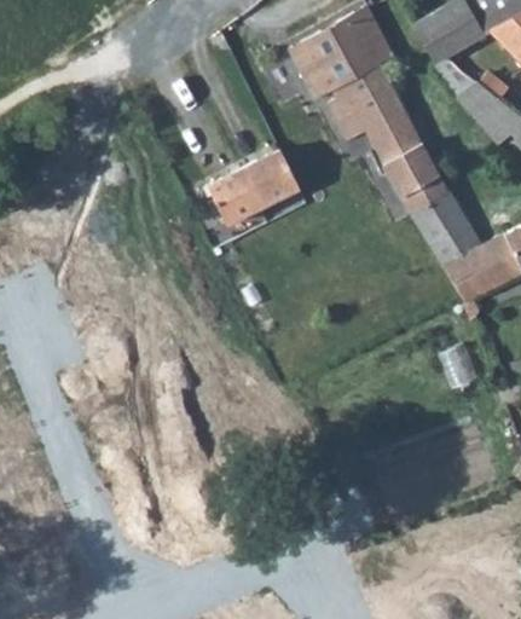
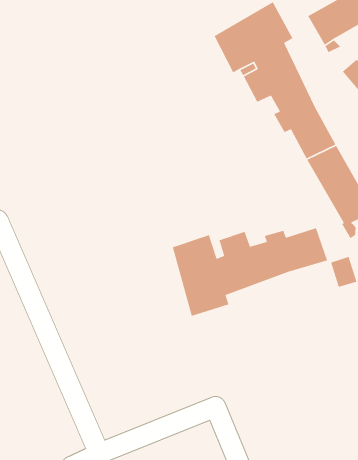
building: [207,151,300,226] -> none
building: none -> [172,227,328,317]

